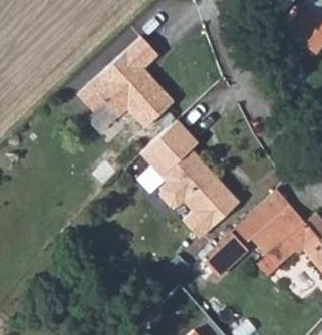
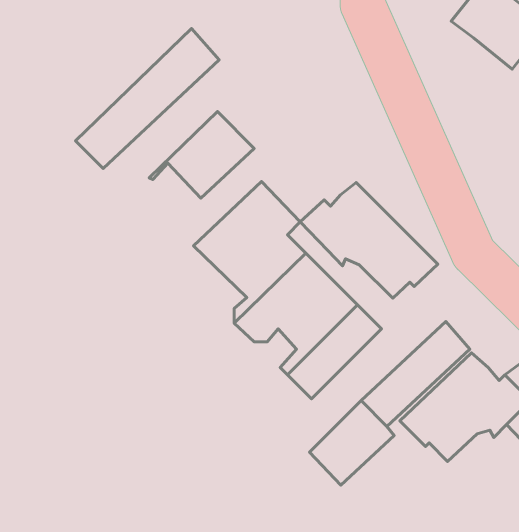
building: [90,52,154,116] -> none
building: none -> [300,182,438,298]

